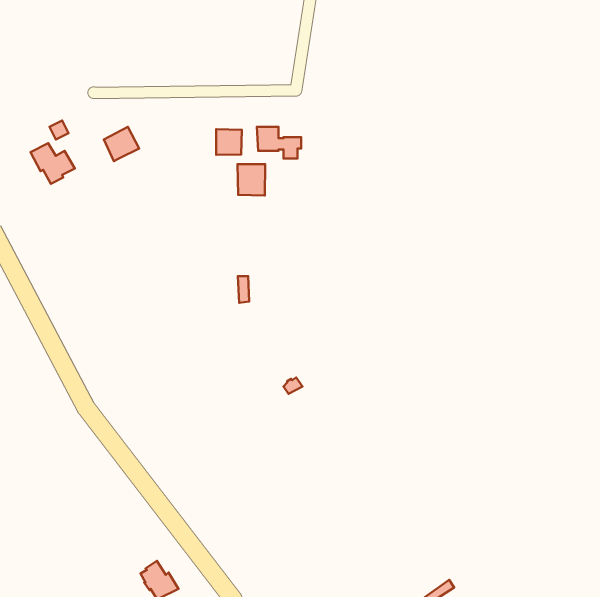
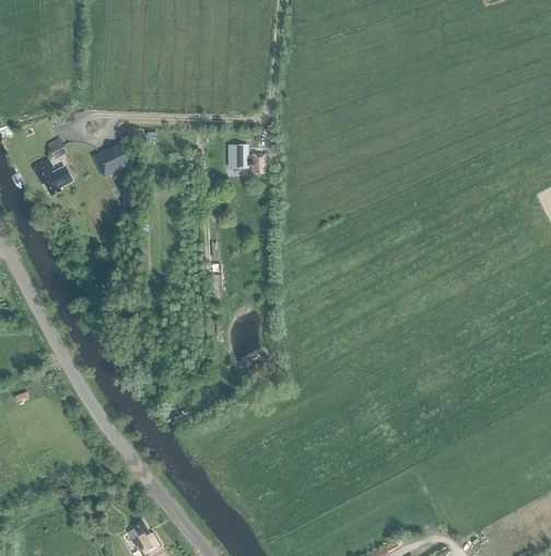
building: [216,129,242,155] -> none
building: [238,164,265,196] -> none

